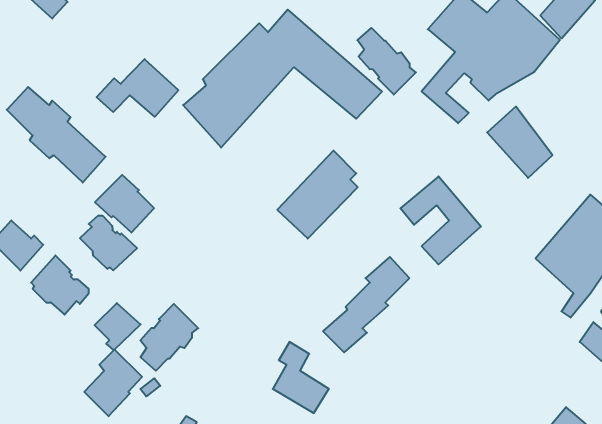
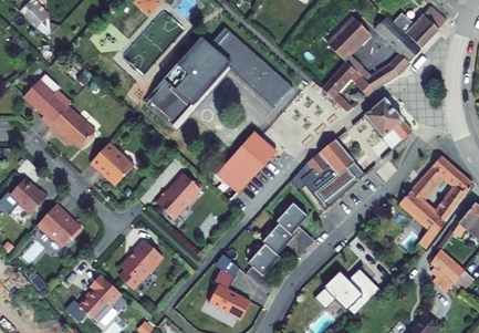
building: [357,28,416,95] -> none
building: [97,59,178,117] -> none
building: [80,216,137,270] -> none
building: none -> [153,175,194,220]
building: [95,303,141,350] -> none
building: none -> [316,271,383,316]

